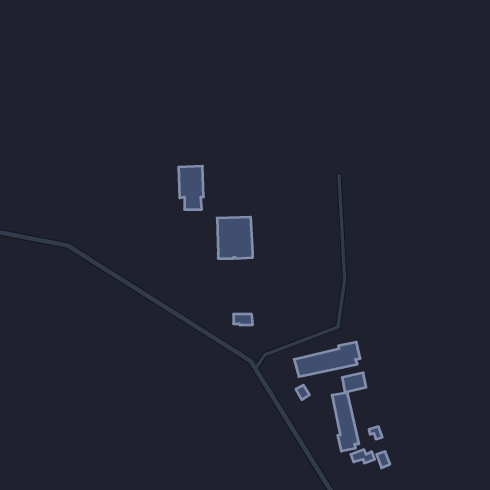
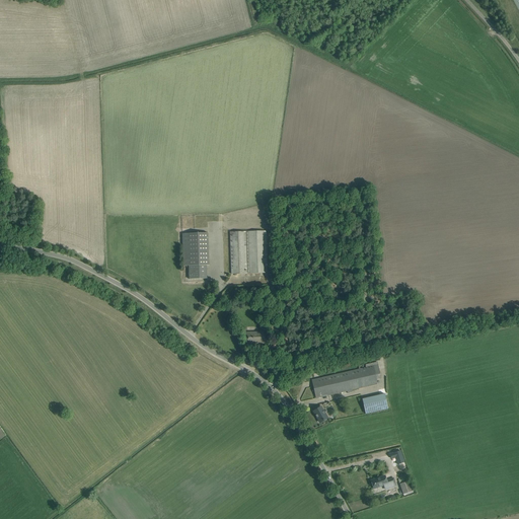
building: [179,166,204,209] -> [181,232,208,278]
building: [332,392,359,451] -> none

